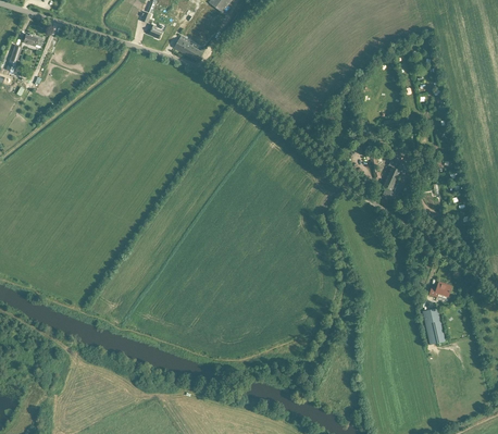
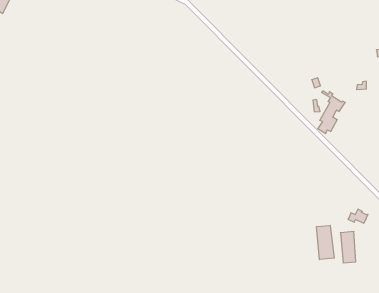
building: none -> [317,225,334,260]

